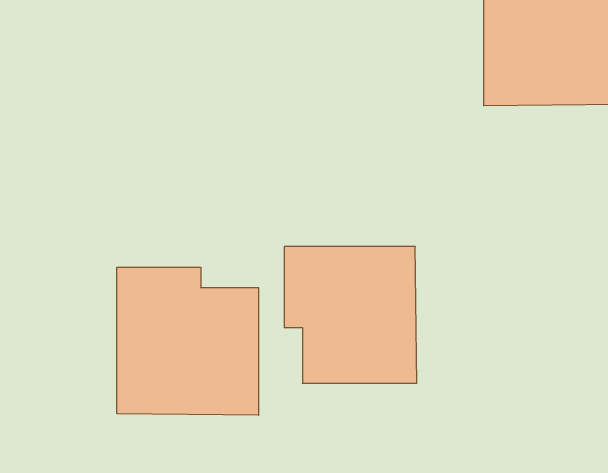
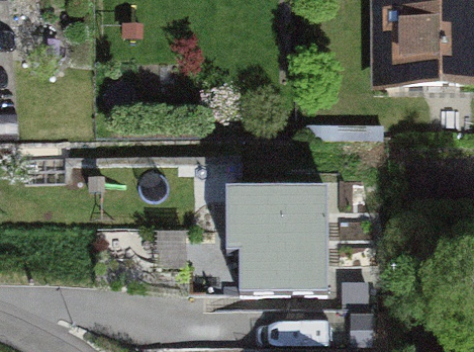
building: [117,267,259,415] -> none

